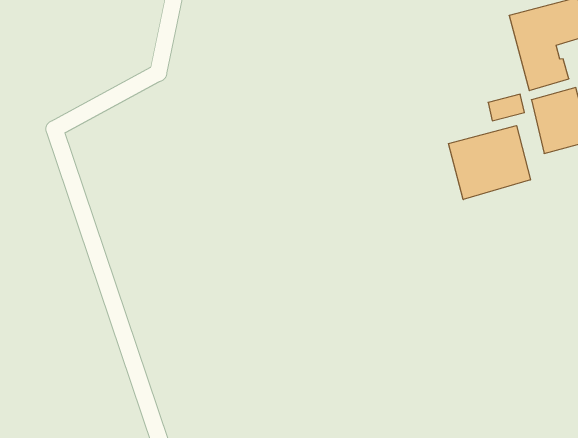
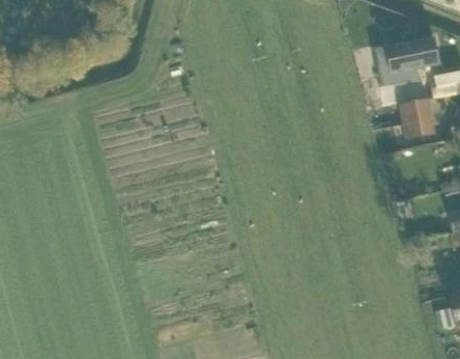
building: [448,126,530,200] -> none

